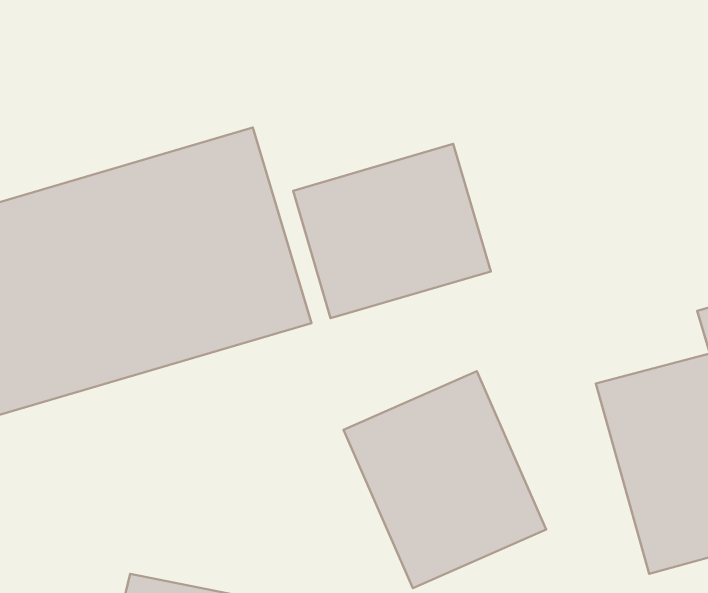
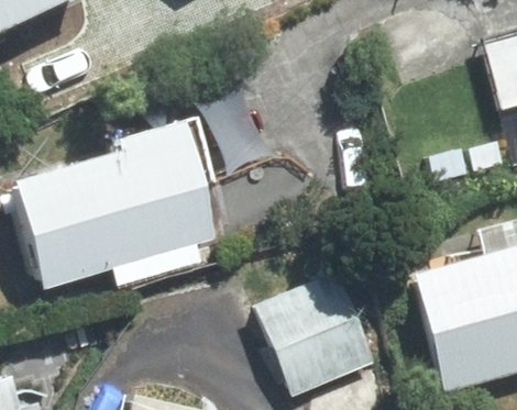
building: [293,144,491,318] -> none

